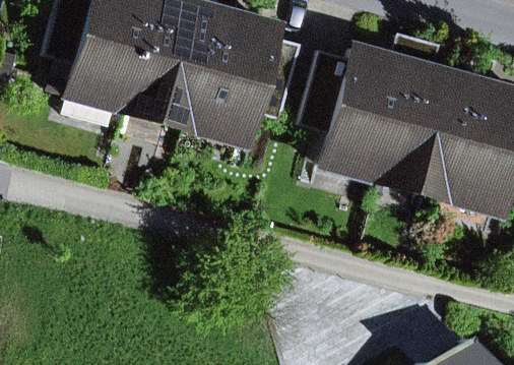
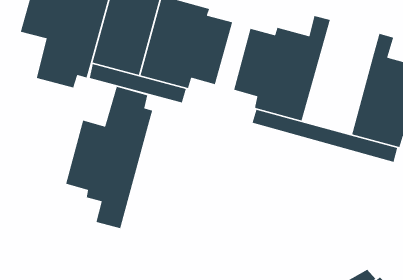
building: [387,42,472,181] -> none
building: none -> [65,86,153,229]

